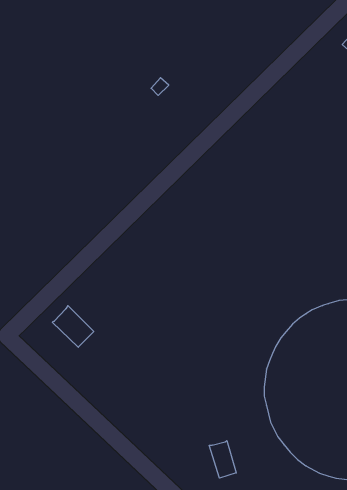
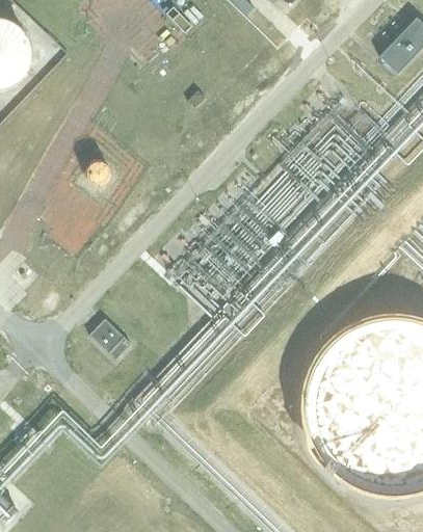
building: [209,441,236,478] -> none

